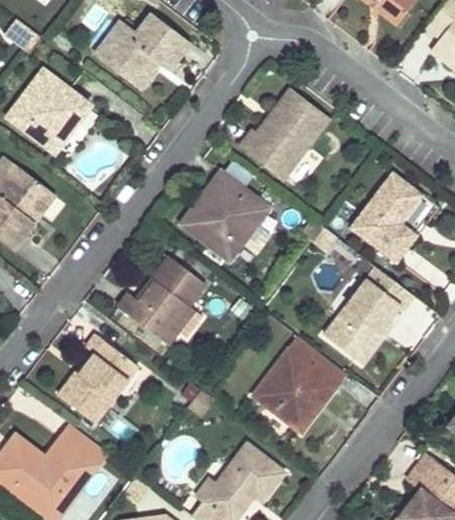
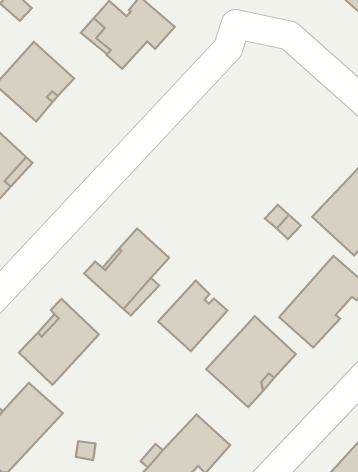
building: [241,89,330,179] -> none
building: [180,171,270,261] -> none
building: none -> [158,281,227,351]

